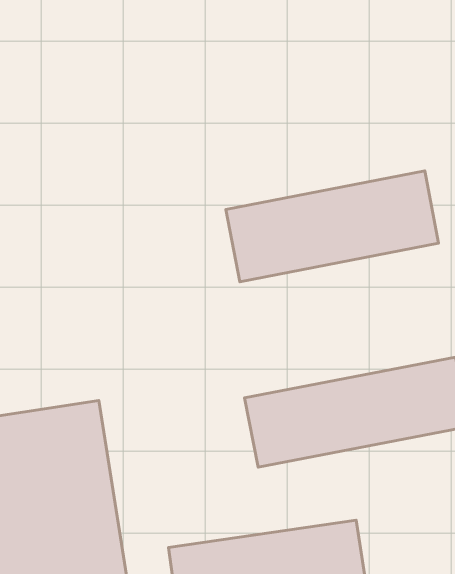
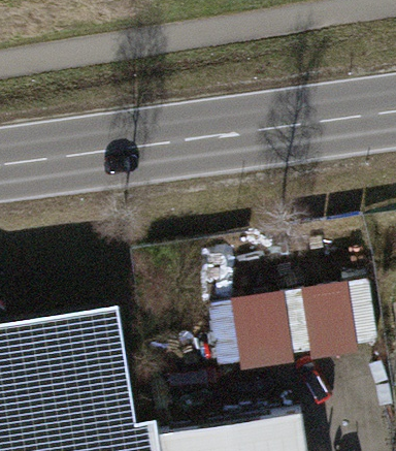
building: [226,171,439,282] -> none

